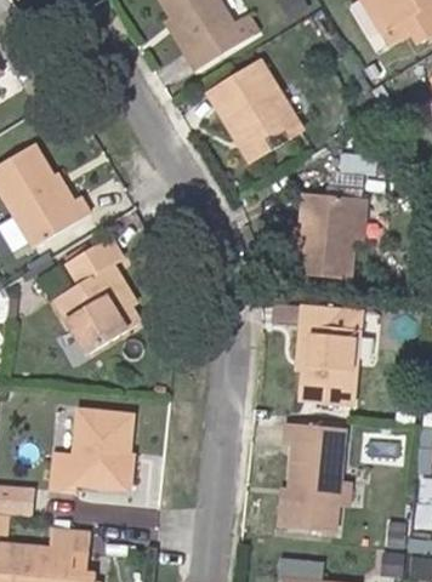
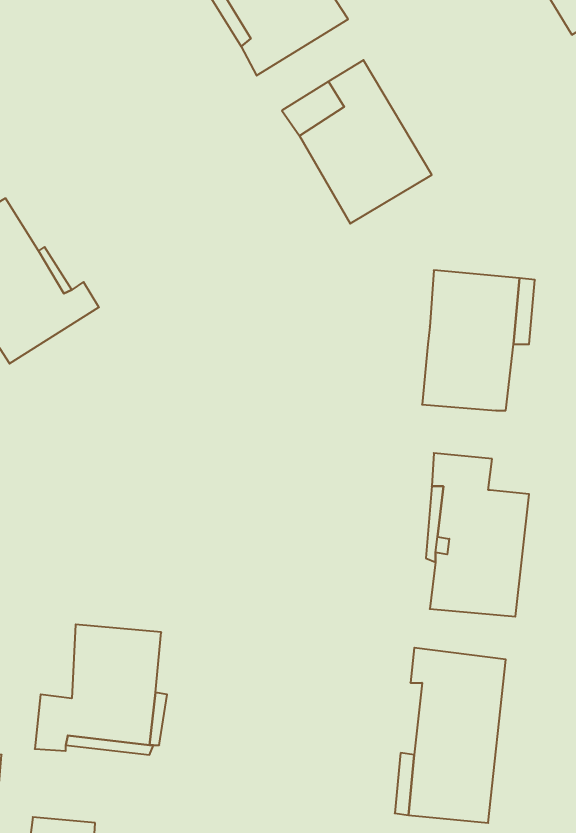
building: [58,238,142,355] -> none

